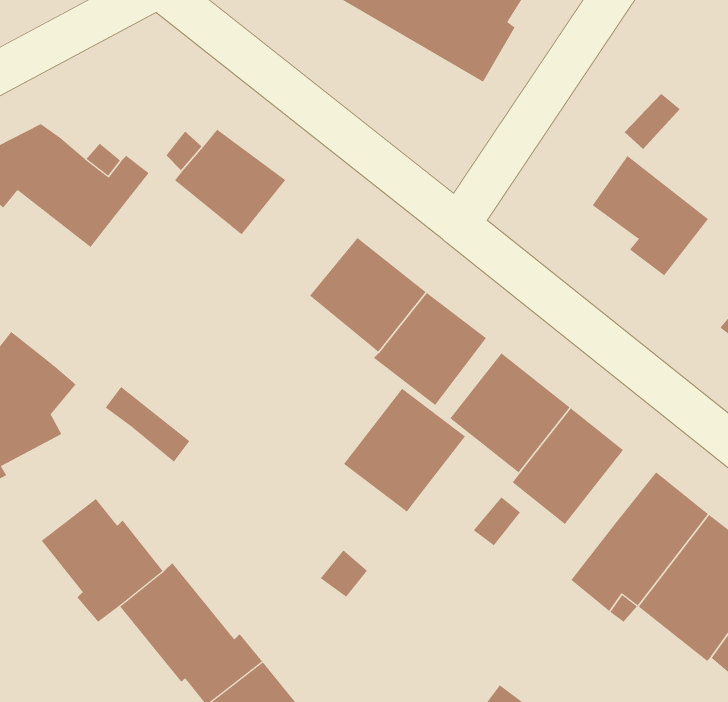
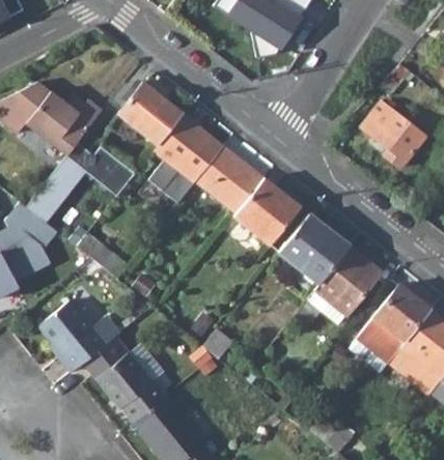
building: none -> [148,114,224,203]
building: none -> [26,143,135,222]
building: [343,388,466,513] -> none

